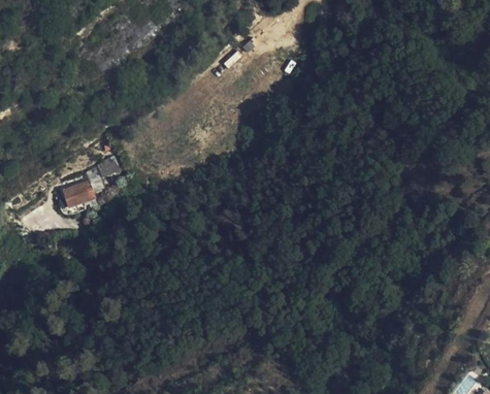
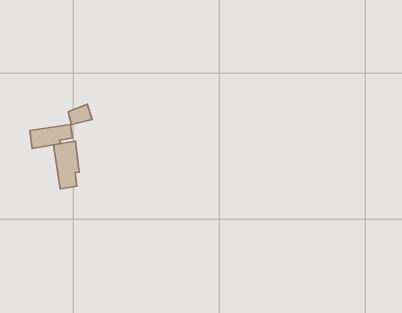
building: none -> [53,141,79,189]

